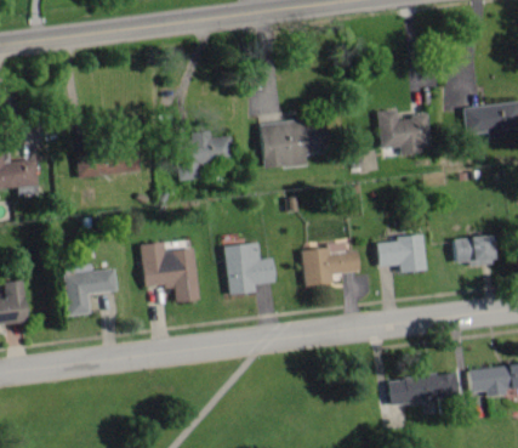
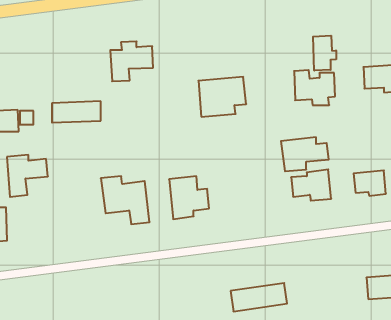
building: none -> [313,36,336,71]
building: [178,130,232,180] -> [110,41,153,81]
building: [301,243,360,285] -> [281,137,329,171]
building: [66,263,116,316] -> [7,155,48,197]
building: [388,370,459,406] -> [231,283,287,311]

